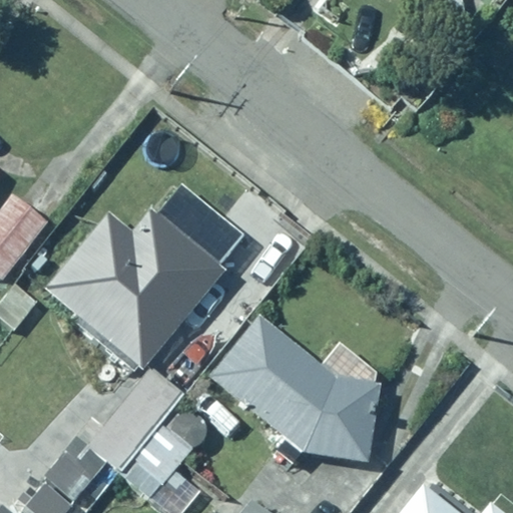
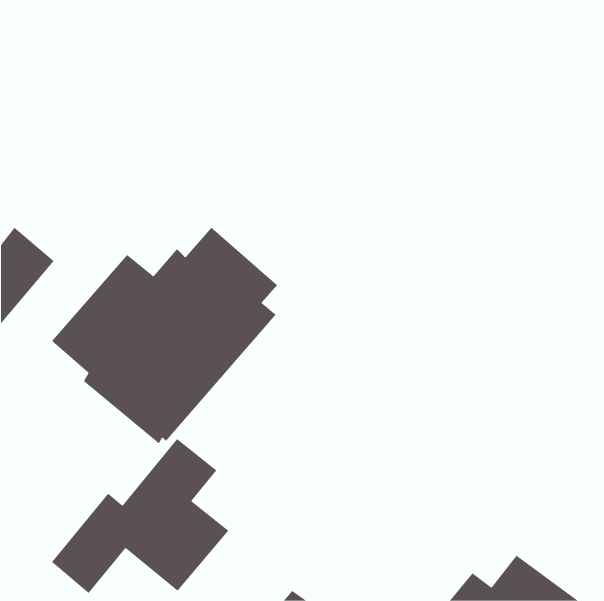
building: [209,315,377,464] -> none

